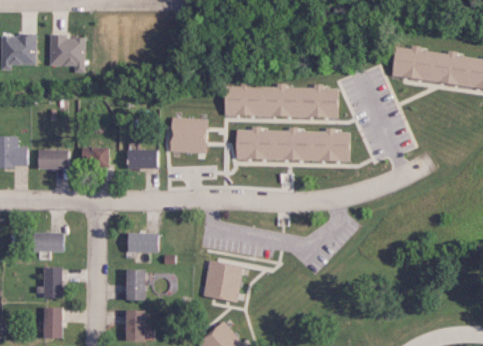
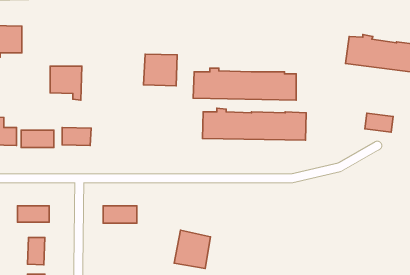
building: [50,36,85,73] -> [50,66,82,100]
building: [170,118,207,153] -> [143,54,177,86]
building: none -> [365,113,393,132]
building: [125,150,155,169] -> none
building: [123,270,143,300] -> none

